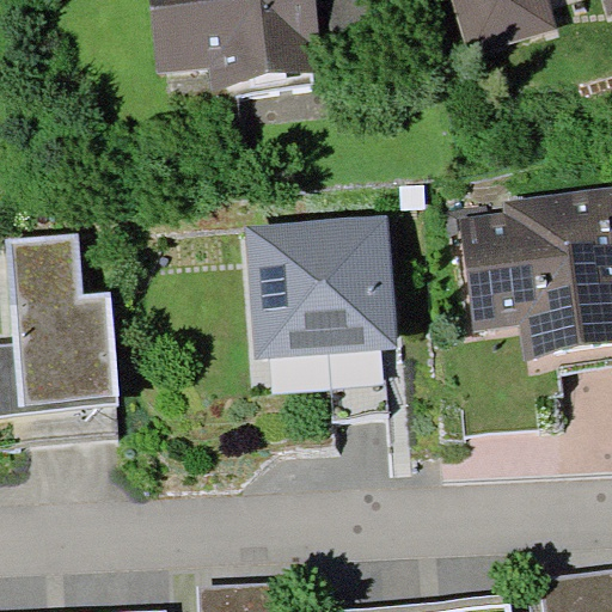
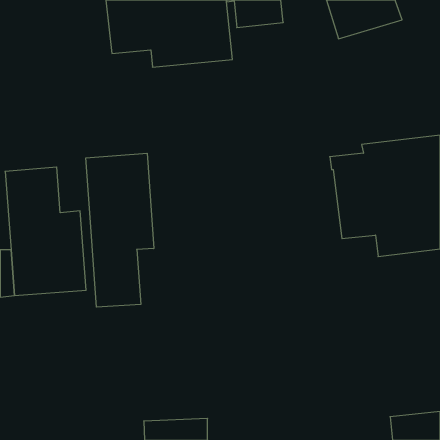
building: none -> [86,153,154,307]
building: [246,214,396,359] -> none

